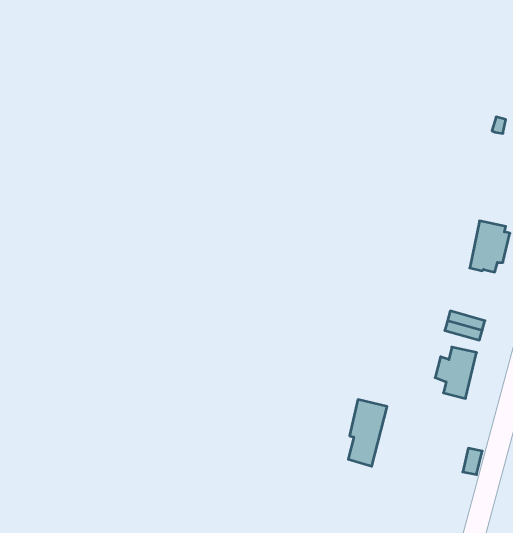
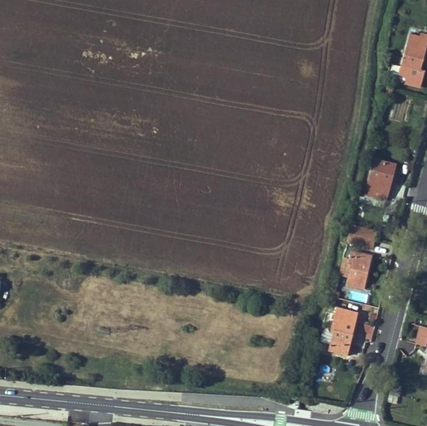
building: [348,400,387,466] -> [329,307,357,355]

